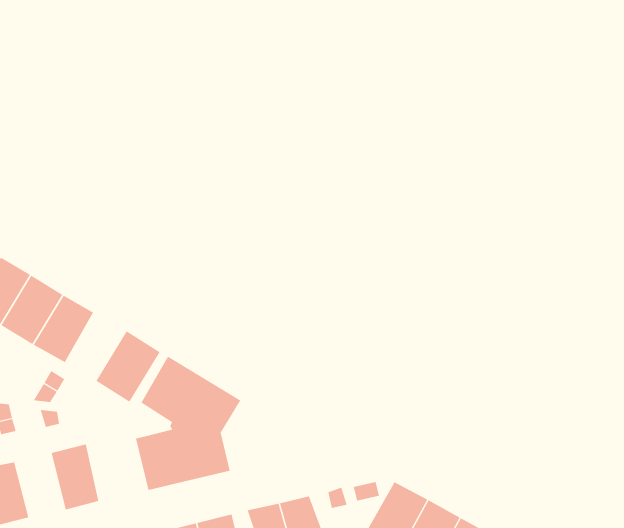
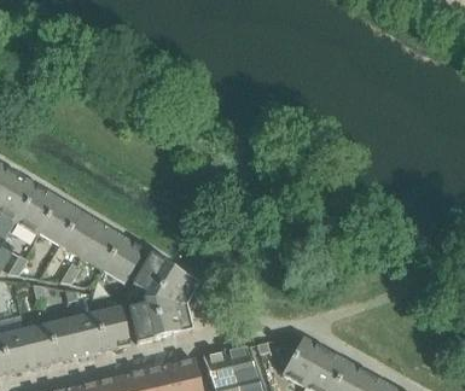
building: none -> [81,222,122,268]
building: none -> [95,304,129,349]
building: none -> [47,316,81,360]

